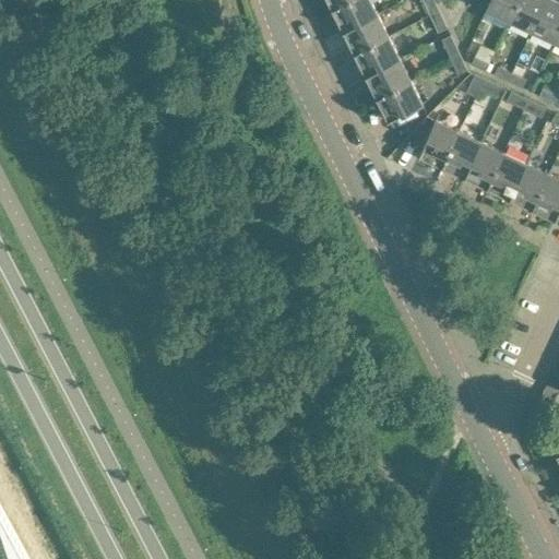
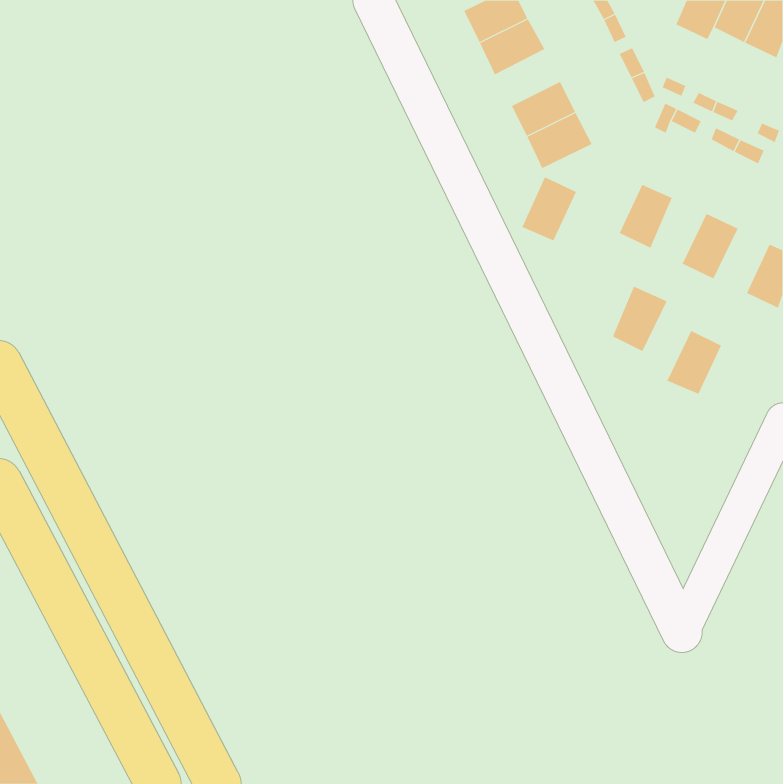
building: [352,35,399,75] -> none
building: [417,120,456,166] -> [522,177,577,241]
building: [463,141,502,188] -> [612,286,667,352]
building: [508,163,547,209] -> [666,330,722,395]

